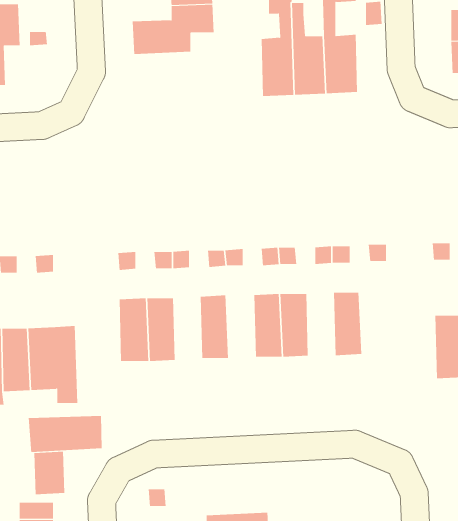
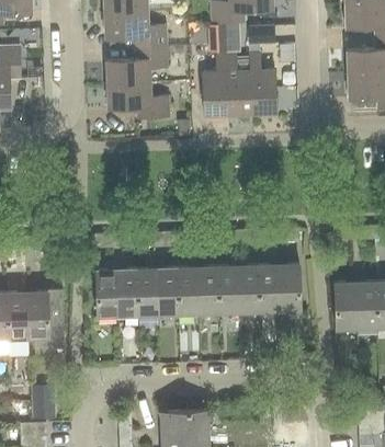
building: none -> [106,83,170,119]
building: none -> [278,264,301,312]
building: none -> [238,265,259,313]
building: none -> [177,267,199,316]
building: none -> [137,268,158,317]
building: [28,415,102,453] -> none
building: none -> [160,411,208,434]

